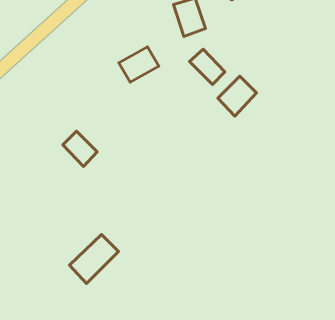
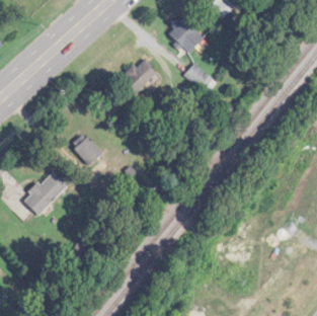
building: [218,76,257,116] -> none
building: [69,235,118,284] -> [23,171,67,215]

